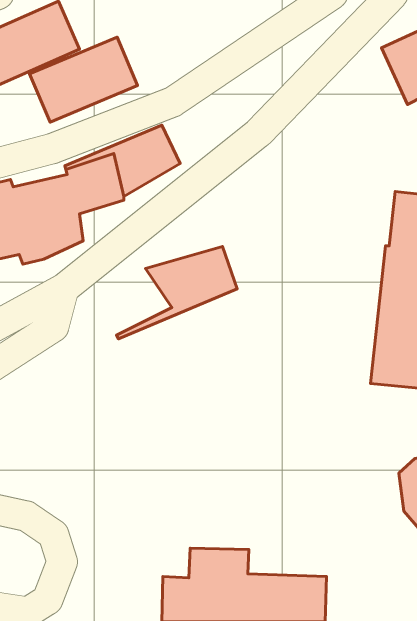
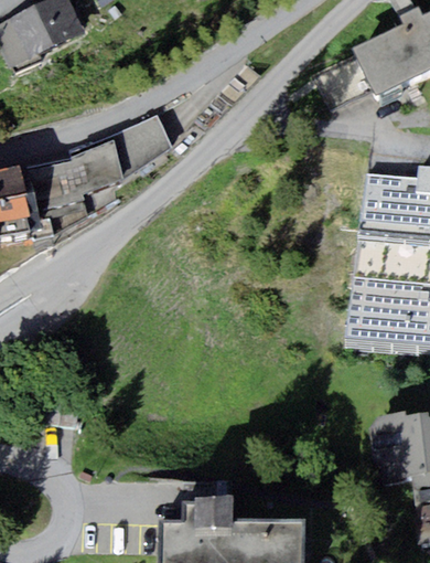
building: [30,37,138,122] -> none
building: [116,246,237,339] -> none

